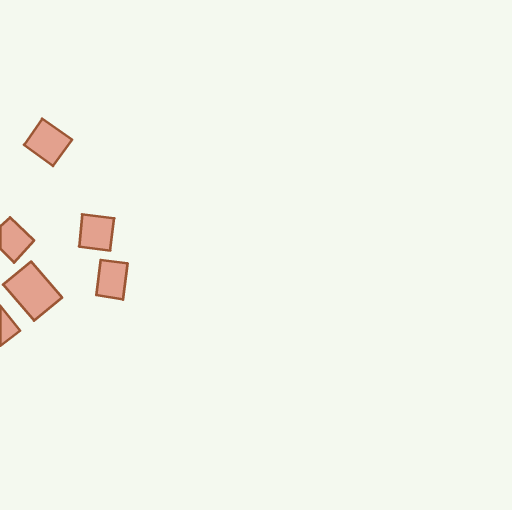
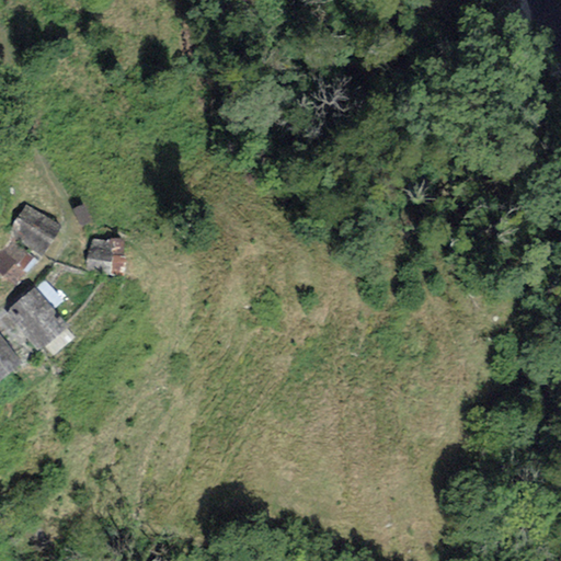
building: [24,119,72,166] -> [8,203,60,254]
building: [96,260,127,300] -> none

